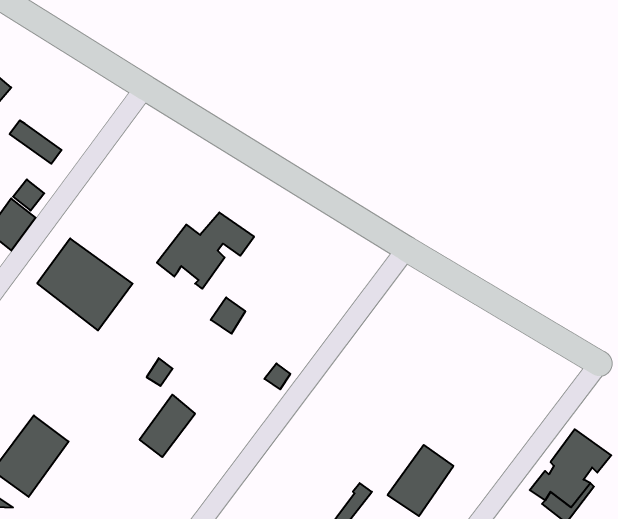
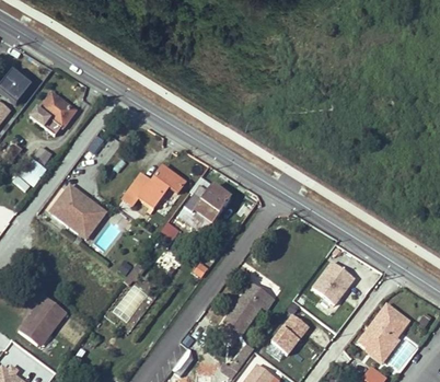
building: none -> [39,92,77,128]
building: none -> [178,177,231,233]
building: none -> [310,259,356,314]
building: none -> [222,283,276,334]

